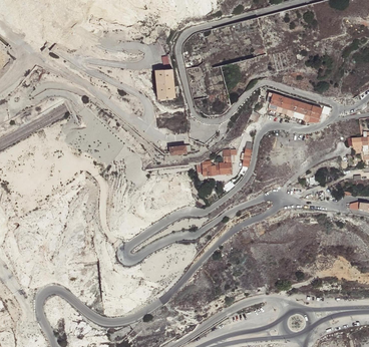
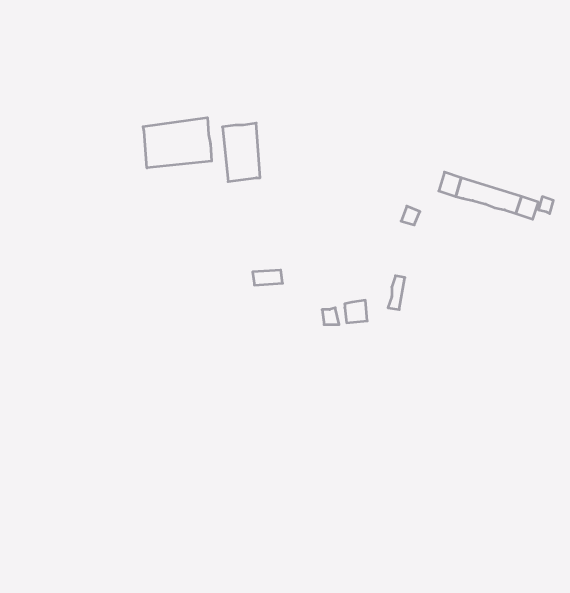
building: none -> [143,118,212,168]

